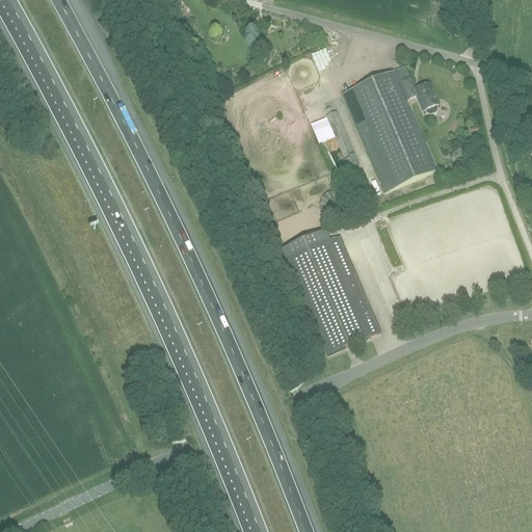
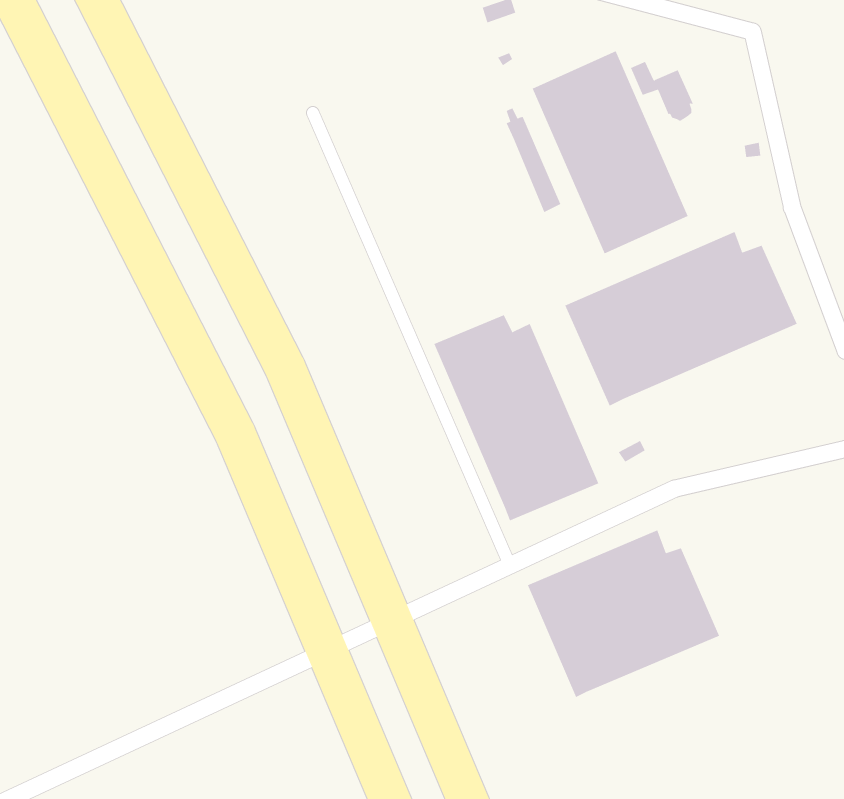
building: none -> [565,231,797,407]
building: none -> [527,530,720,698]

